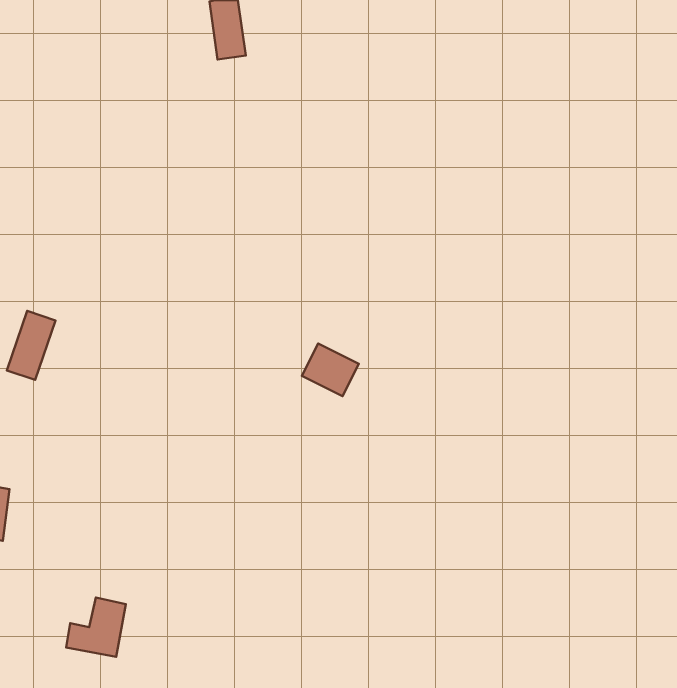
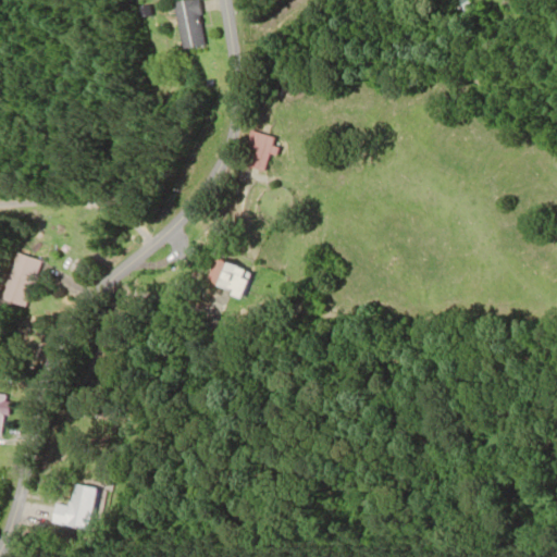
building: none -> [249,135,272,170]
building: [302,344,359,396] -> [205,256,250,298]

